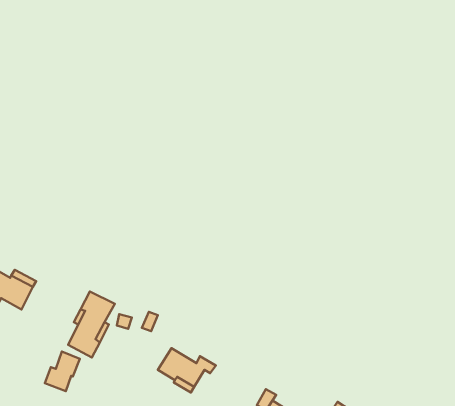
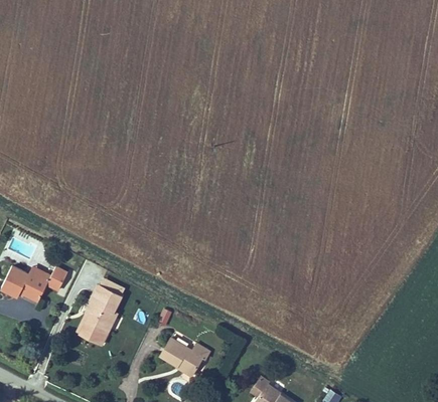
building: [45,352,80,391] -> none

